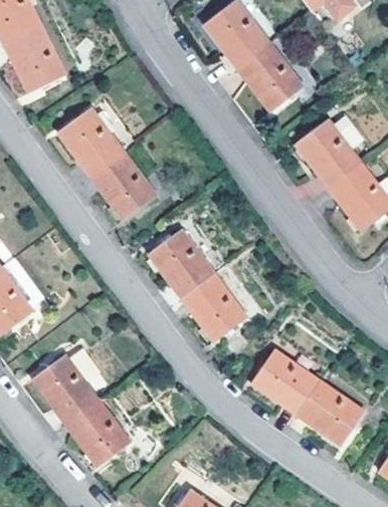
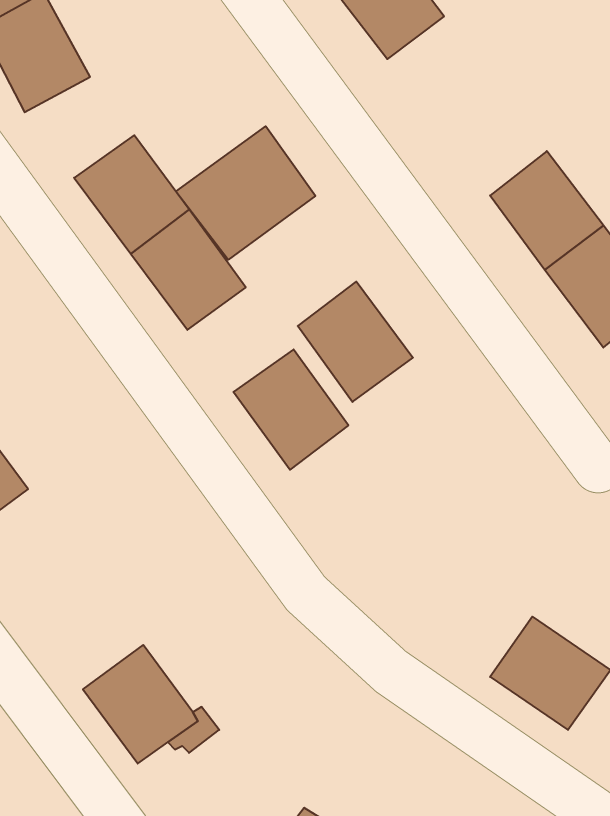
building: [236,41,301,107] -> none
building: none -> [176,126,315,260]
building: [181,273,246,341] -> [298,282,413,402]
building: [250,350,319,416] -> none
building: [32,353,98,423] -> none

